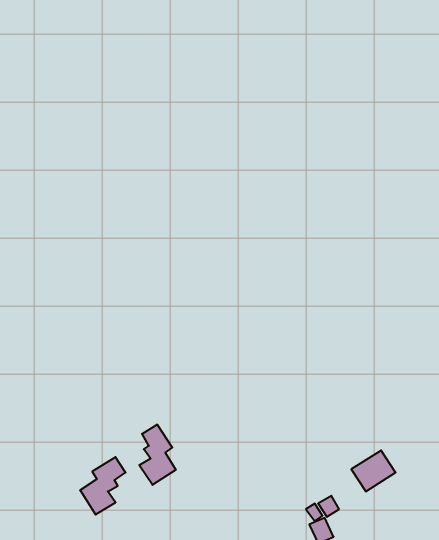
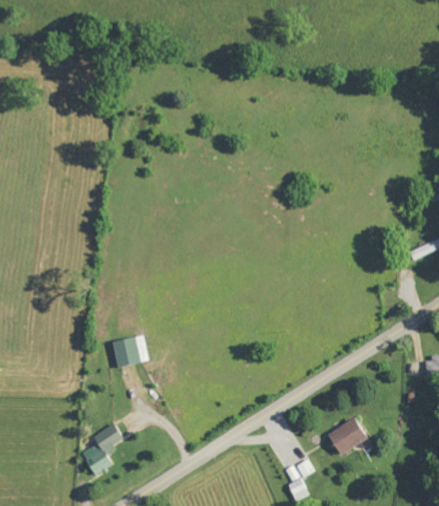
building: none -> [112,334,148,366]
building: [139,424,176,485] -> none

